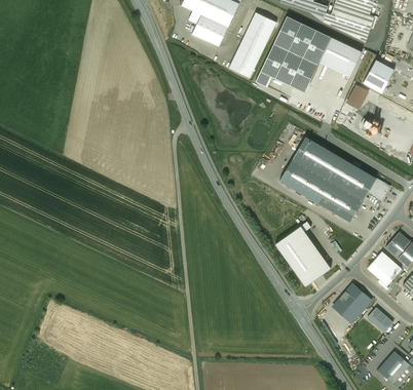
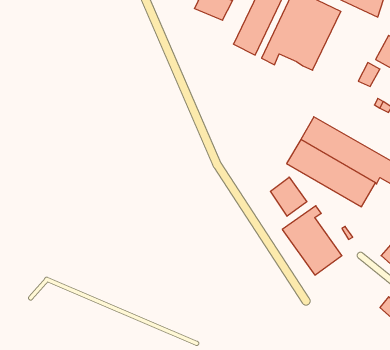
building: [322,37,362,74] -> none
building: none -> [270,177,307,216]
building: [334,284,371,322] -> none

